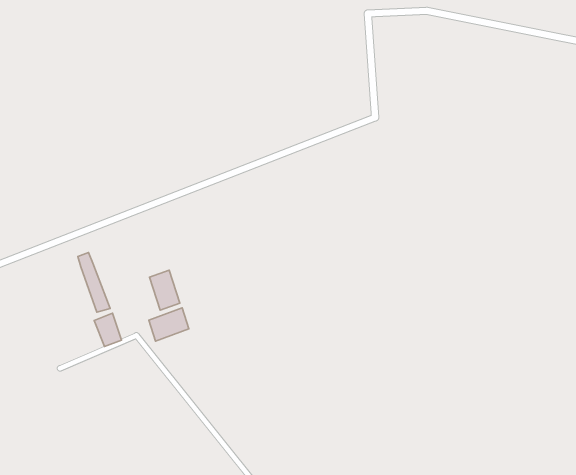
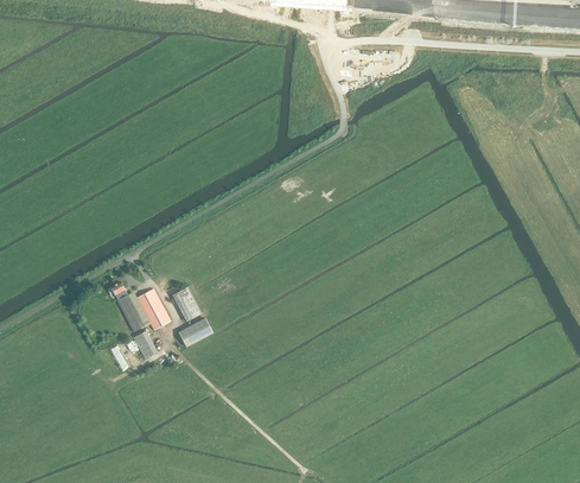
building: none -> [135,288,170,330]

